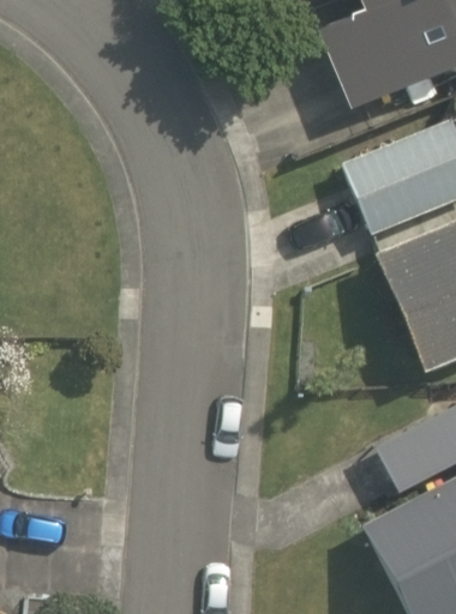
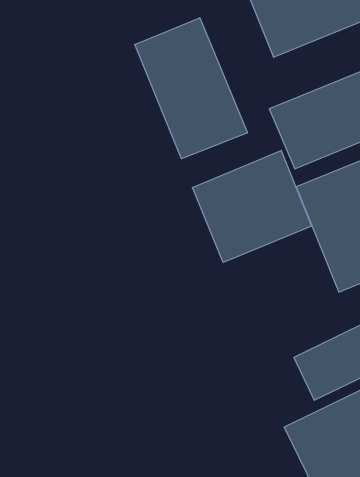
building: none -> [135,18,247,159]
building: none -> [192,150,311,262]

